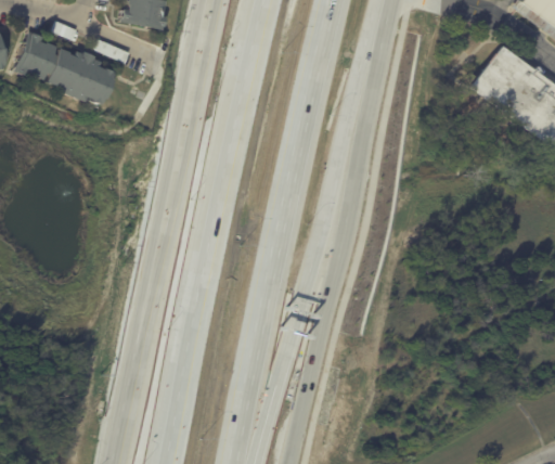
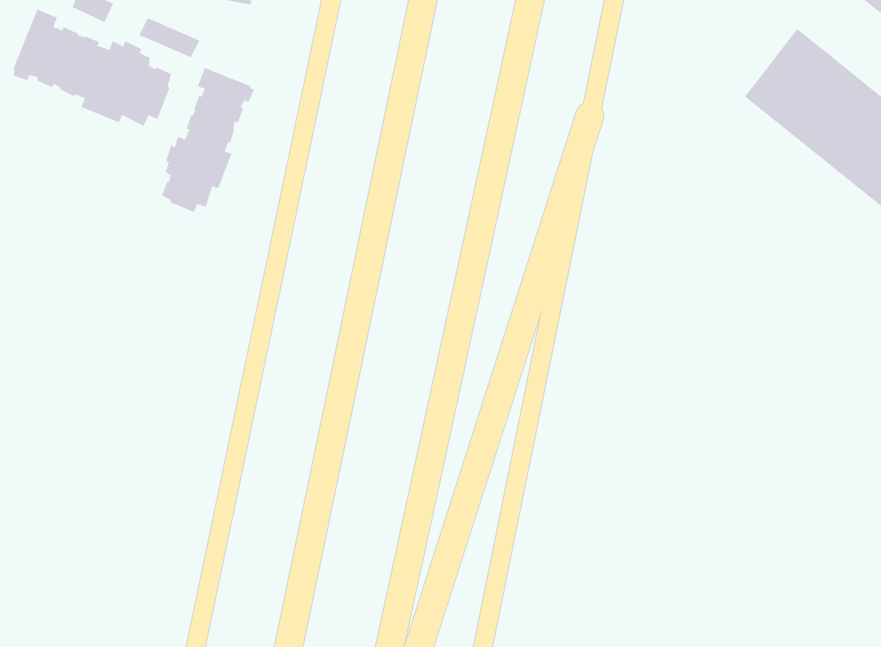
building: none -> [161,67,255,213]

